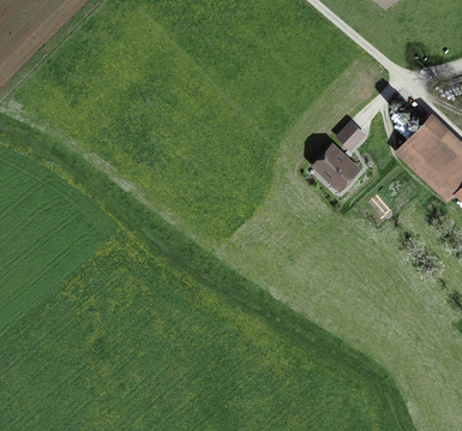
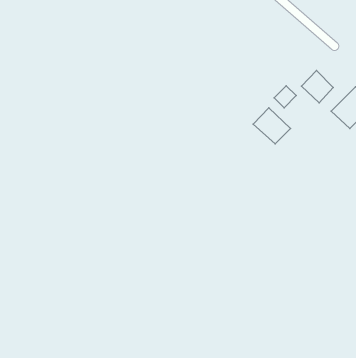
building: none -> [301,70,333,103]

